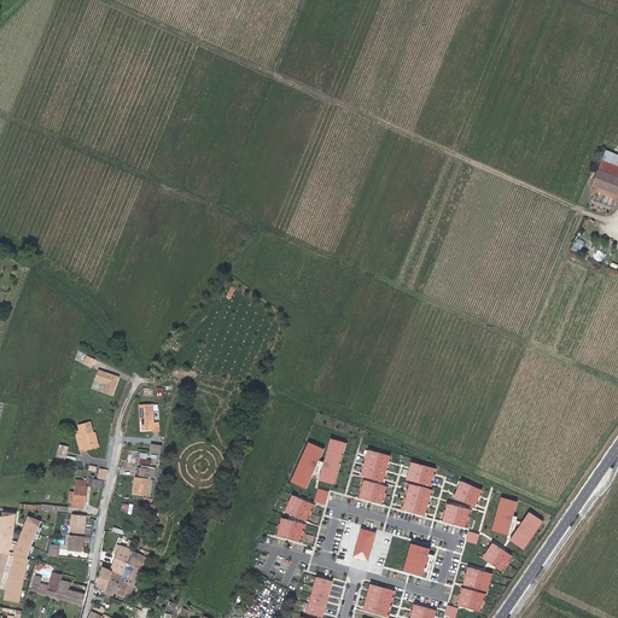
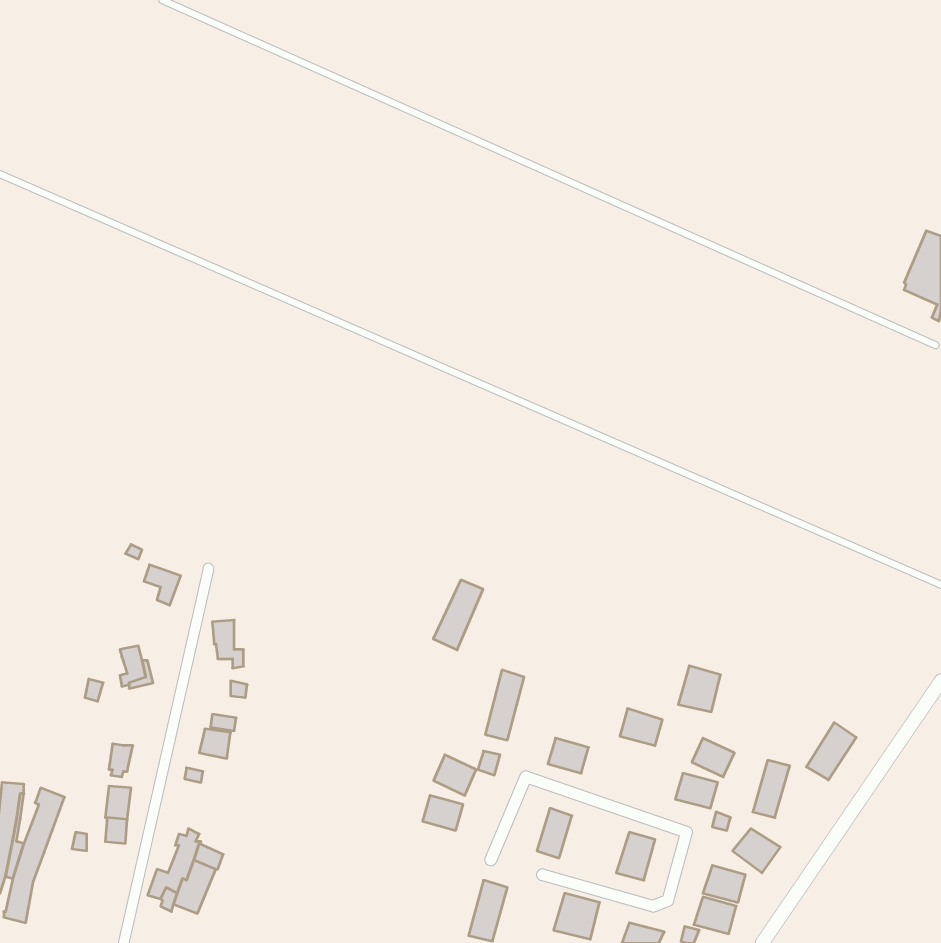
building: [290,442,322,488] -> [433,580,483,650]
building: [361,451,389,483] -> none
building: [402,486,430,517] -> [678,666,721,712]
building: [509,512,542,549] -> [806,723,856,780]
building: [30,571,86,604] -> none

